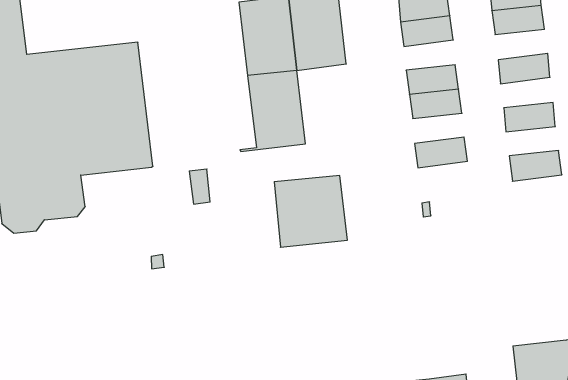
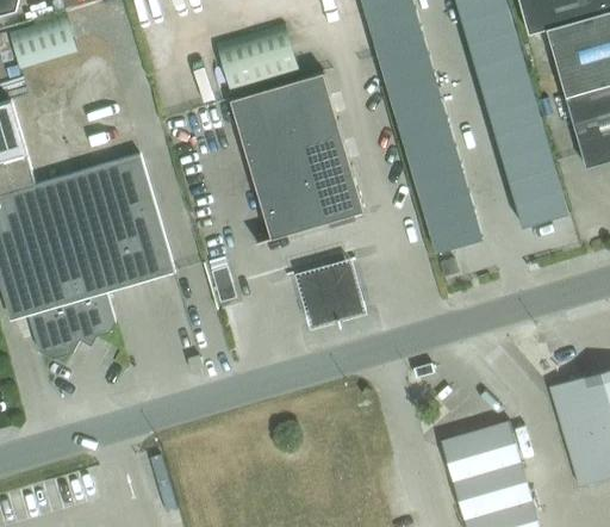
building: none -> [481,76,535,113]
building: none -> [396,101,448,138]
building: none -> [297,142,363,225]
building: none -> [494,122,548,159]
building: none -> [416,170,468,207]
building: none -> [508,168,561,204]
building: none -> [429,216,481,253]

